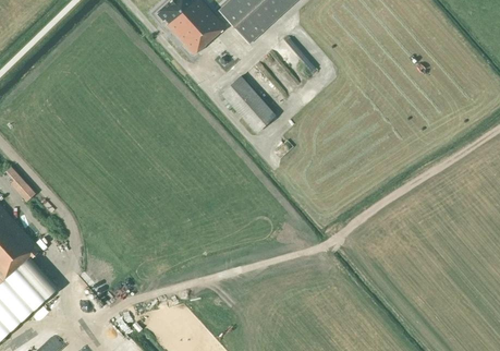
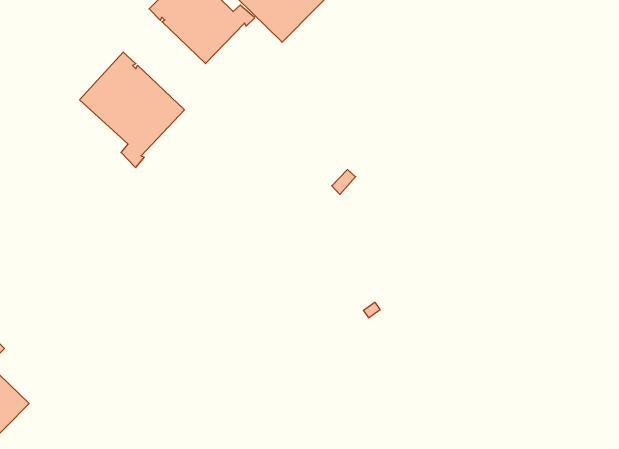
building: none -> [80,52,184,167]
building: [221,77,276,134] -> none

